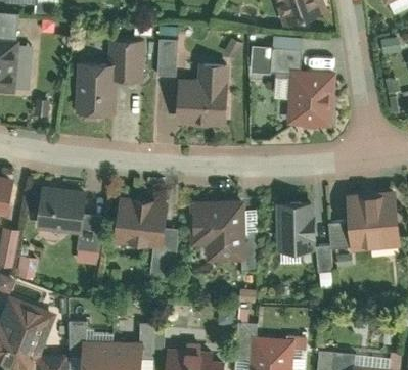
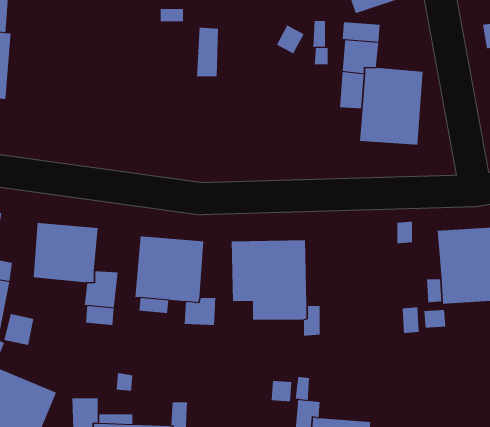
building: [75,38,143,122] -> none
building: [177,60,228,129] -> none
building: [276,201,314,252] -> none

